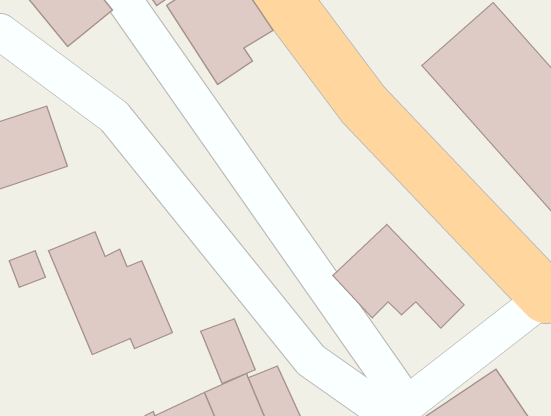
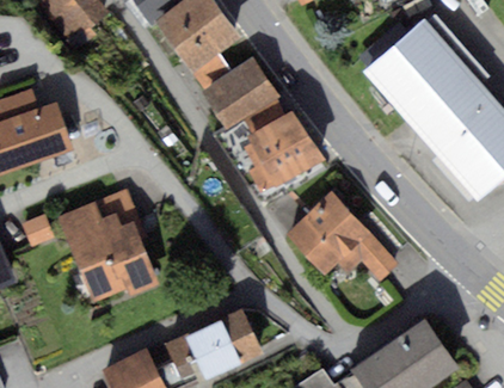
building: none -> [203,57,278,127]
building: none -> [246,109,321,190]
building: [201,319,255,384] -> none

